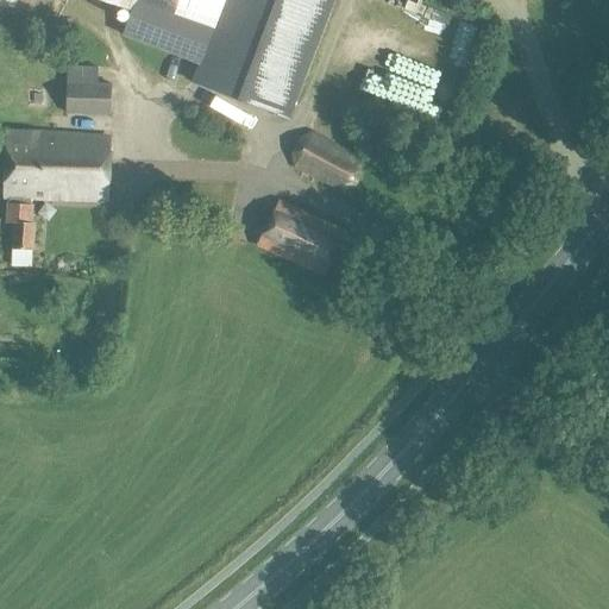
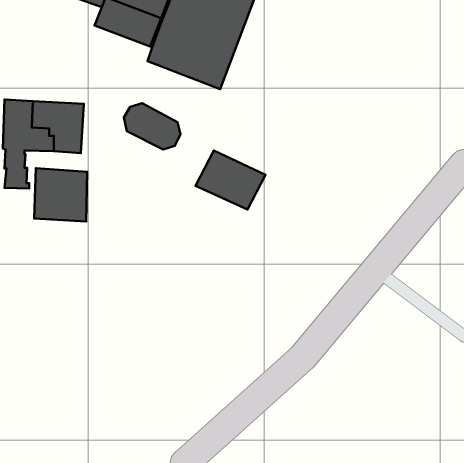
building: [65,79,112,113] -> none
building: [289,130,363,190] -> [124,103,180,150]
building: none -> [34,168,87,221]

